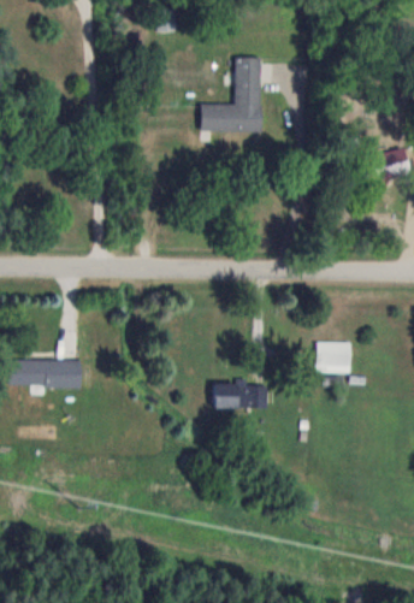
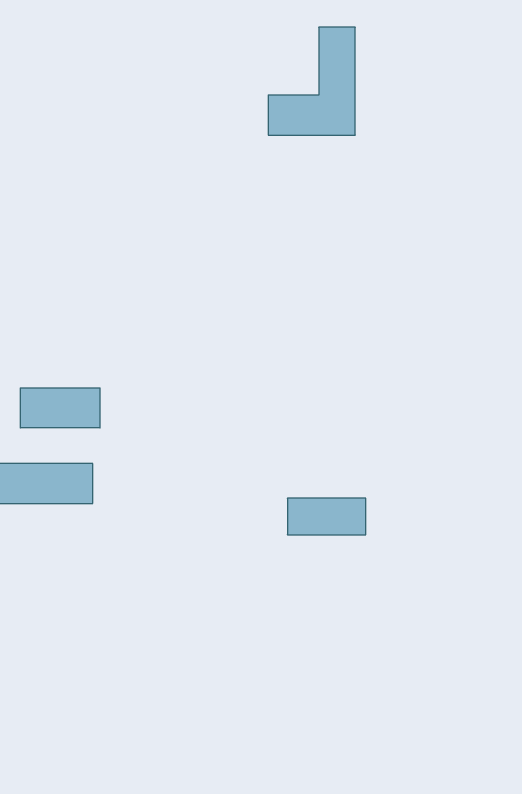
building: none -> [20,388,100,428]
building: [317,342,351,373] -> none

